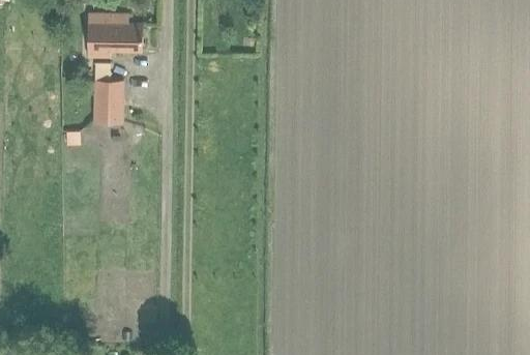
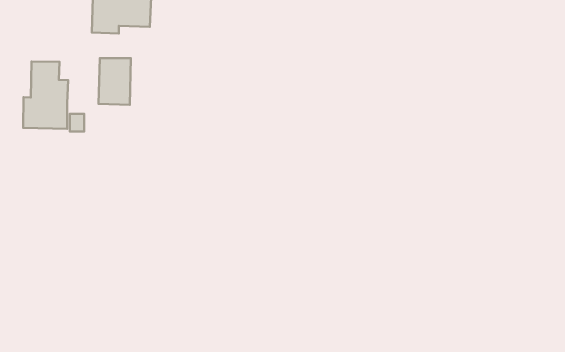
building: none -> [23,62,68,129]

